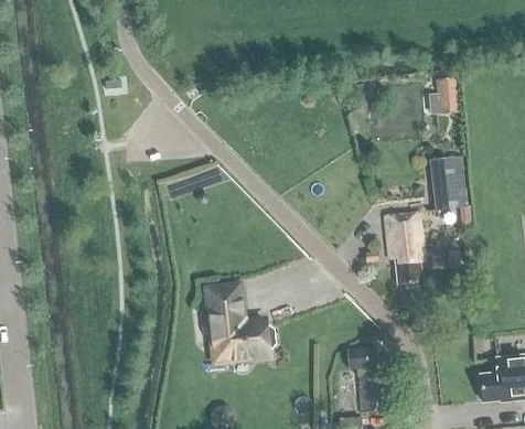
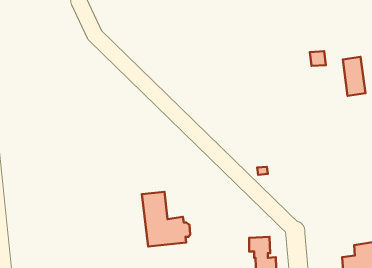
building: [431,158,462,211] -> [343,57,365,96]
building: [386,214,424,283] -> none

